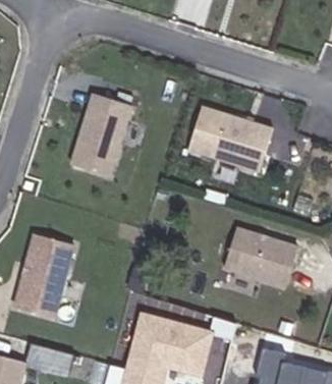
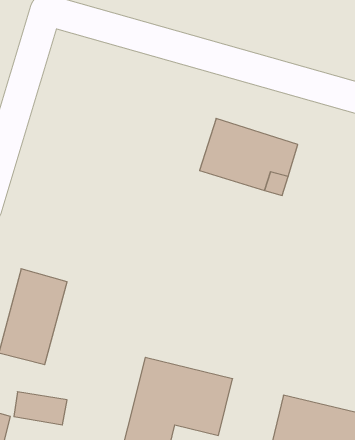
building: [71,93,130,175] -> none
building: [221,228,295,287] -> none

